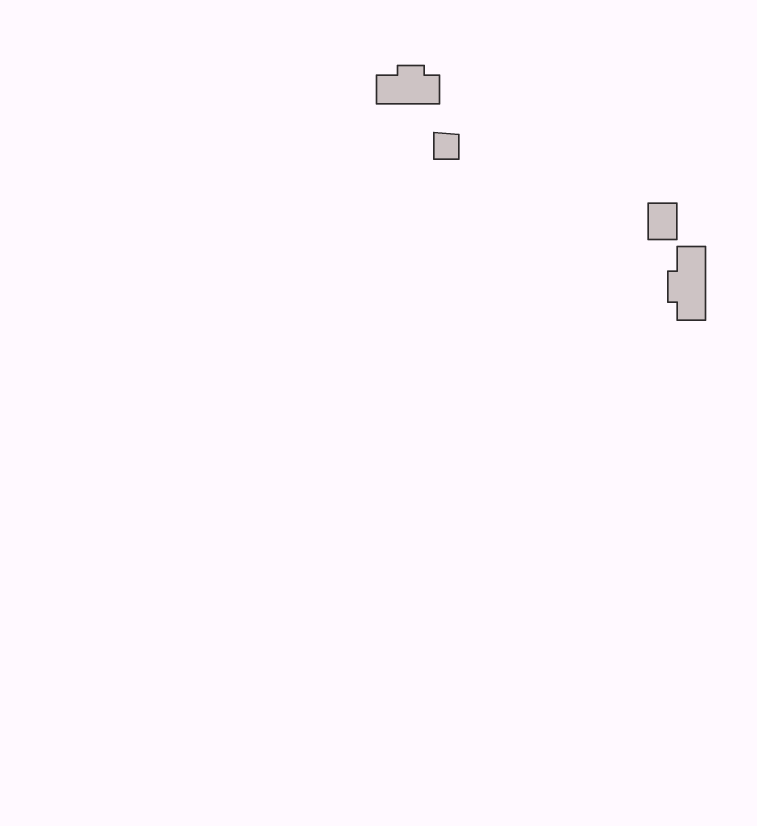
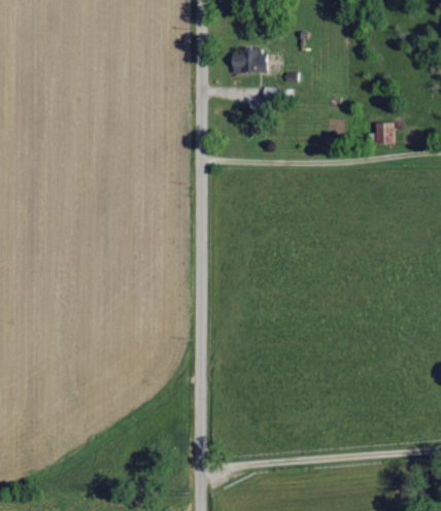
building: [668,246,706,320] -> none

